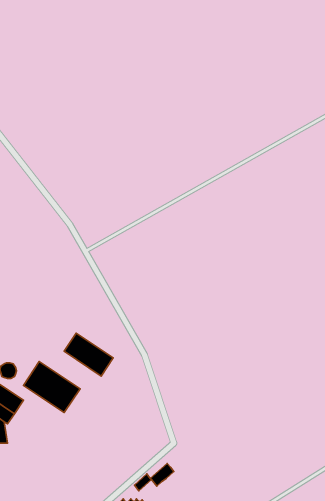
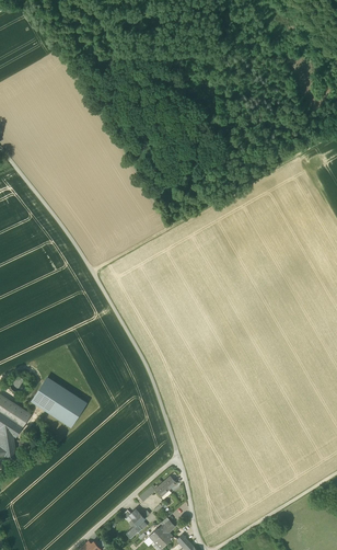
building: [64,333,113,376] -> none

